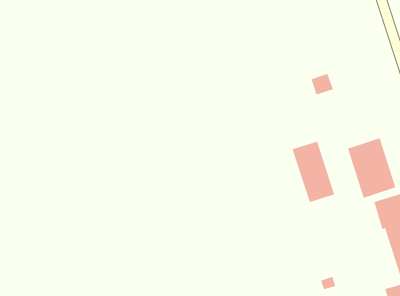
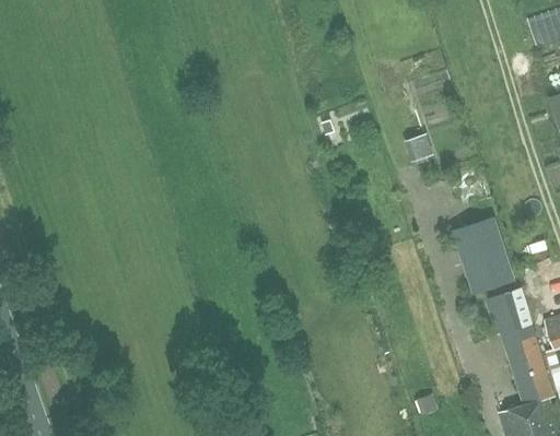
building: [292,141,335,203] -> none

